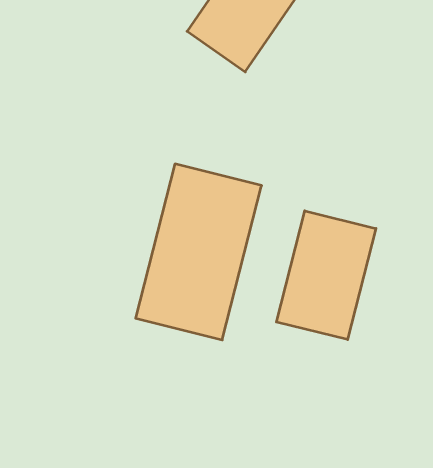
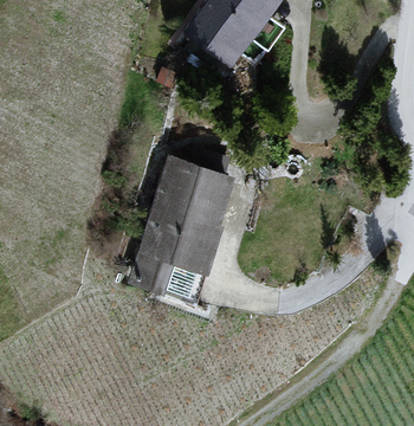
building: [276,211,376,340] -> none

